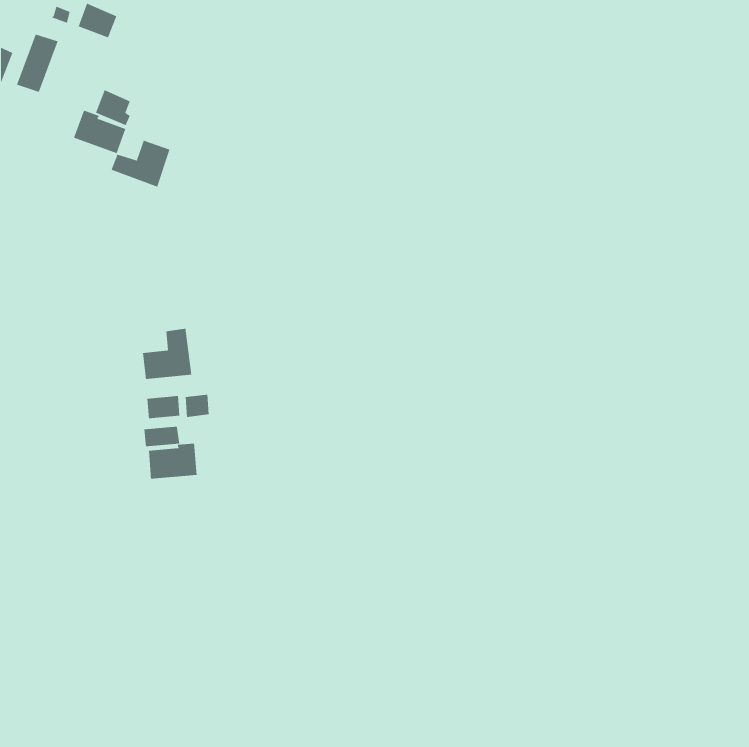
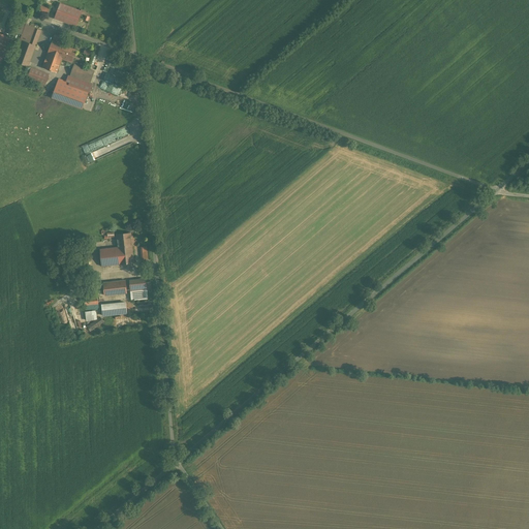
building: none -> [42,41,75,72]
building: [111,140,170,187] -> none
building: [148,443,197,480] -> none

